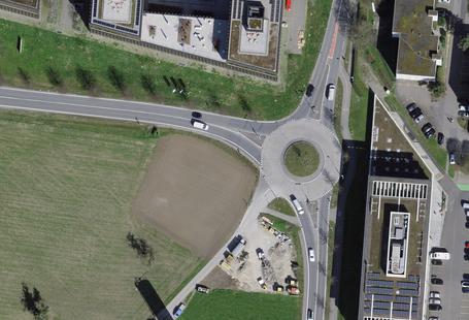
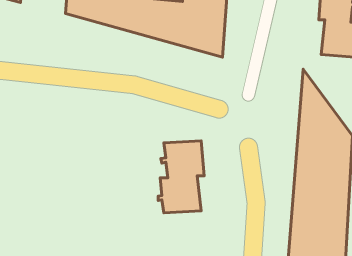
building: none -> [158,141,204,213]

